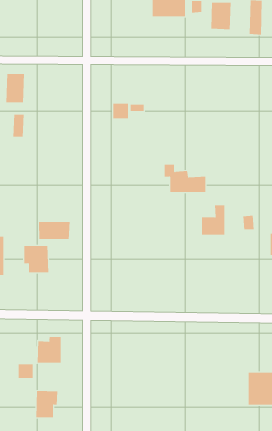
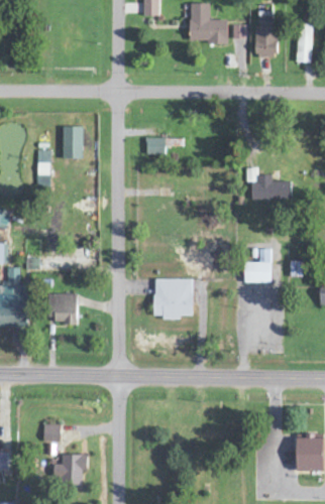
building: [5,73,25,103] -> [63,126,84,158]
building: [164,164,206,193] -> [246,167,293,199]
building: [39,221,70,240] -> none
building: none -> [154,278,193,318]
building: [37,336,61,364] -> none

